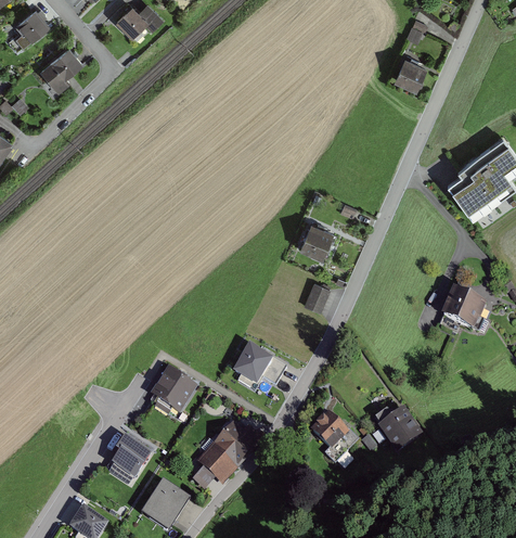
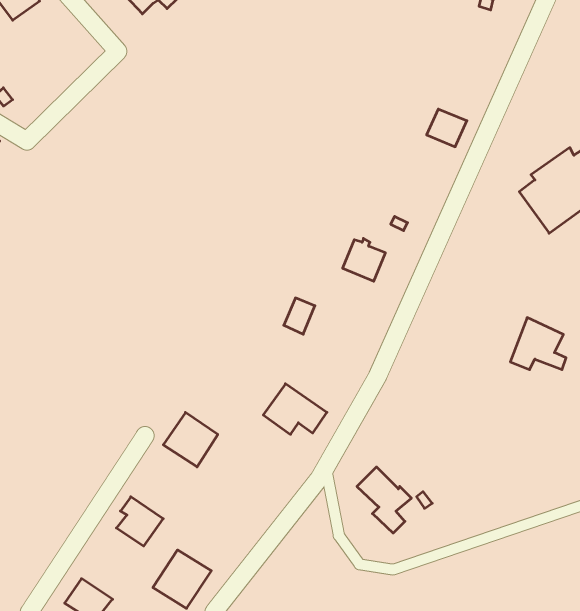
building: [36,46,79,92] -> none
building: [389,57,423,89] -> [427,109,467,147]
building: [302,281,328,311] -> [284,298,315,334]
building: [377,412,416,447] -> none
building: [196,420,261,483] -> none

